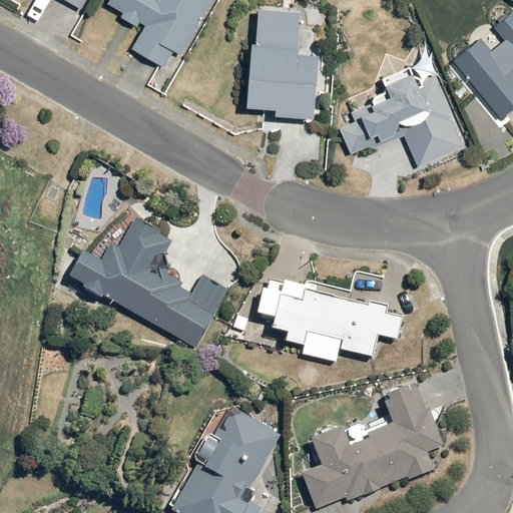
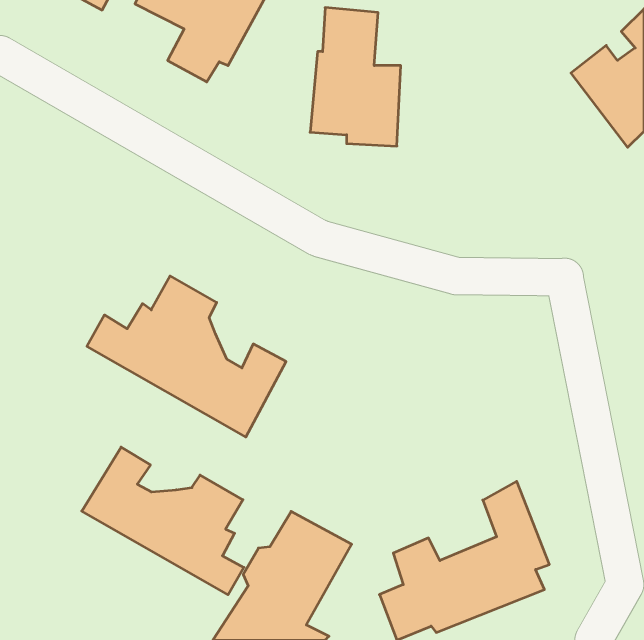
building: [340,72,464,164] -> none
building: [268,283,408,368] -> none
building: none -> [82,447,244,595]

